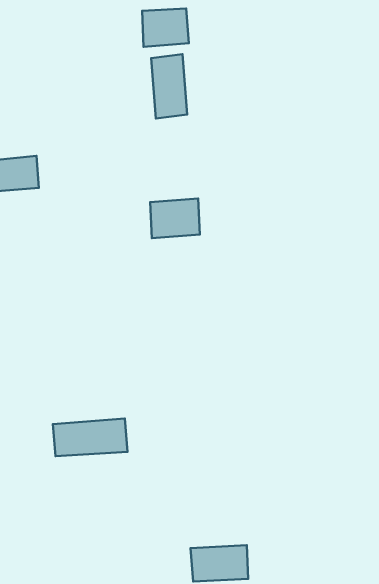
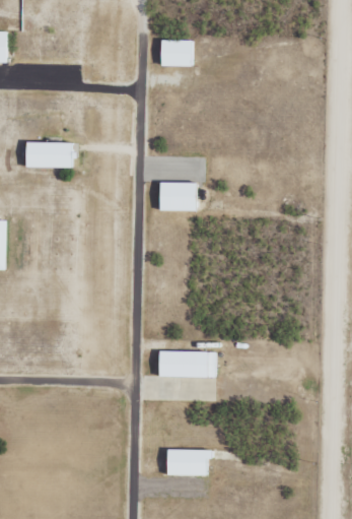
building: [151,54,187,119] -> none
building: [53,419,128,456] -> [160,351,215,377]

